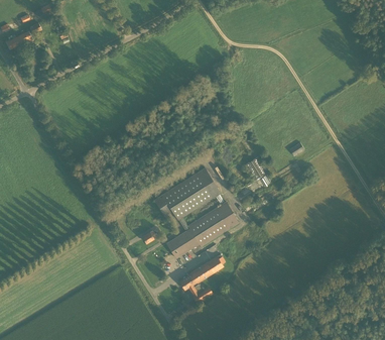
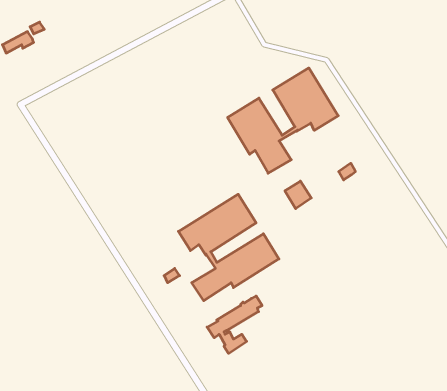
building: none -> [228,68,338,173]

